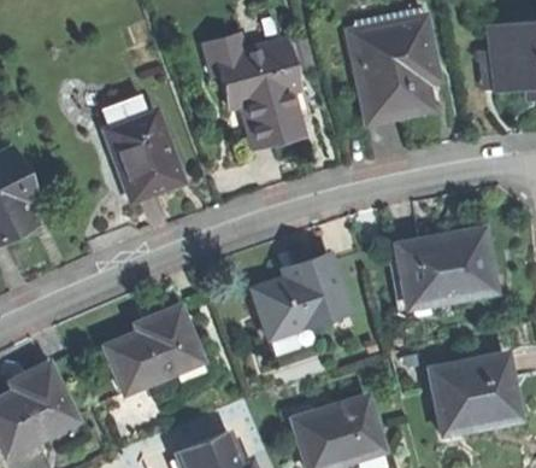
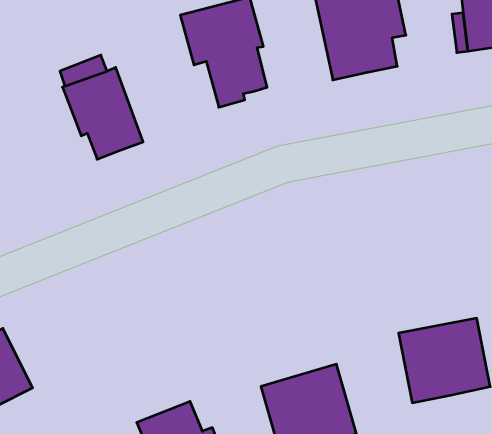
building: [390,228,495,315] -> none
building: [254,252,351,337] -> none
building: [106,304,201,390] -> none

